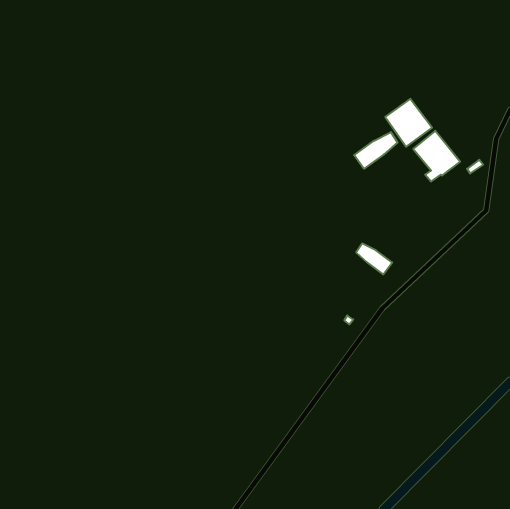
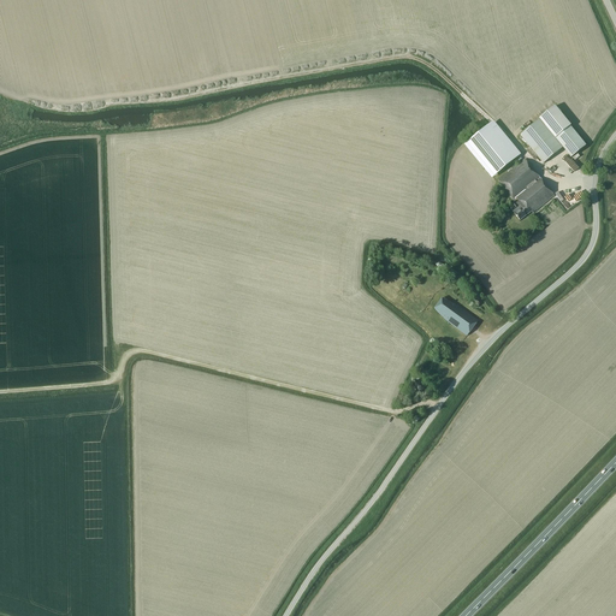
building: none -> [520,106,586,162]
building: [354,132,398,169] -> none

